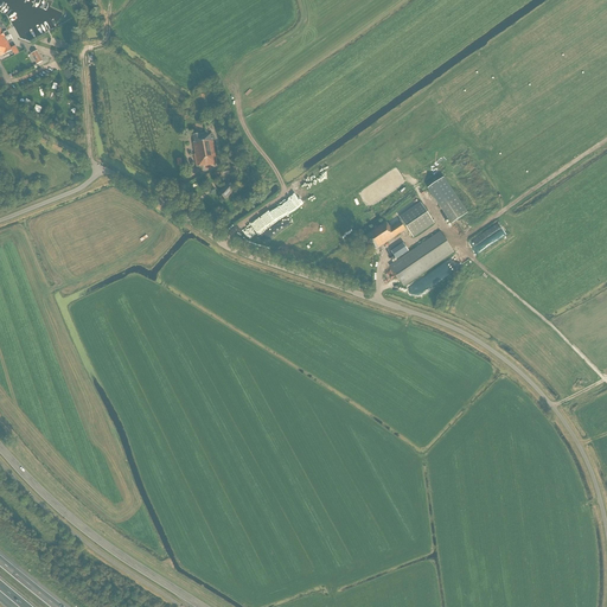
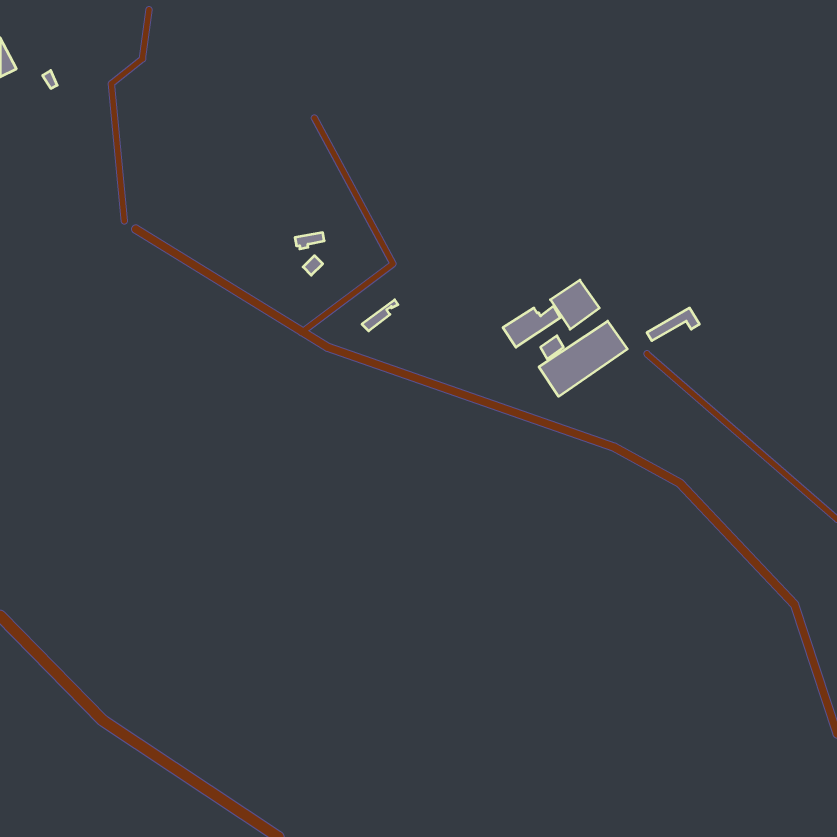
building: [193,134,217,167] -> none
building: [428,178,467,224] -> none

